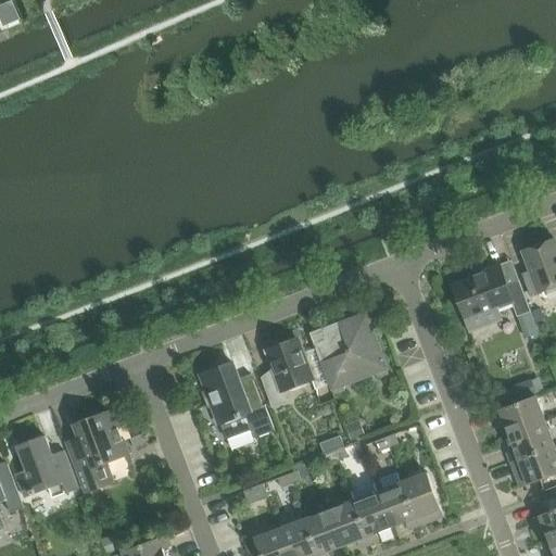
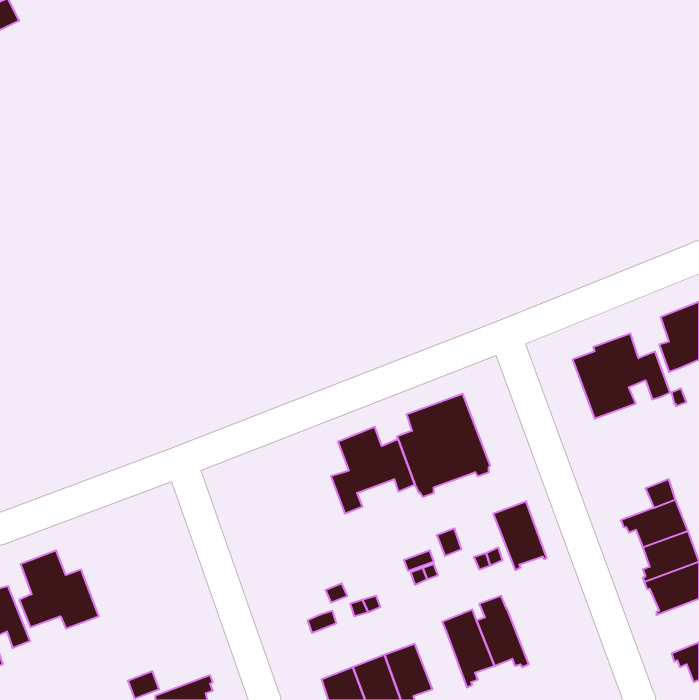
building: [200,363,273,439] -> none
building: [67,410,127,491] -> none
building: [401,471,443,526] -> [493,501,547,570]
building: [328,500,369,546] -> none

